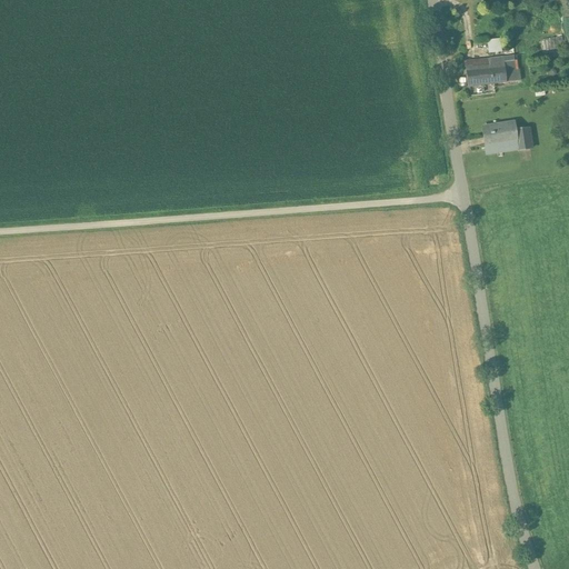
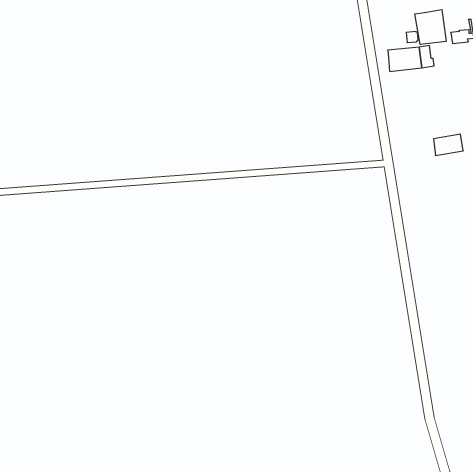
building: none -> [415,10,446,45]
building: [483,120,519,146] -> [434,134,463,155]

